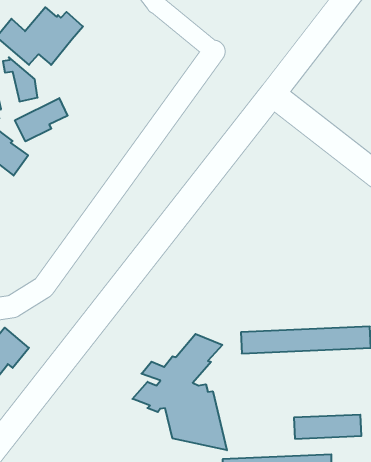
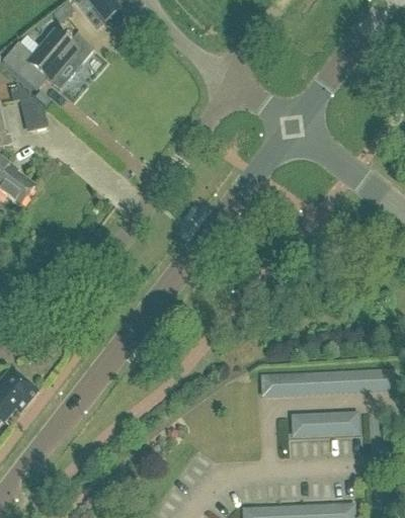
building: [15,98,68,141] -> none
building: [132,334,227,450] -> none
building: [294,415,361,439] -> [289,411,359,436]

